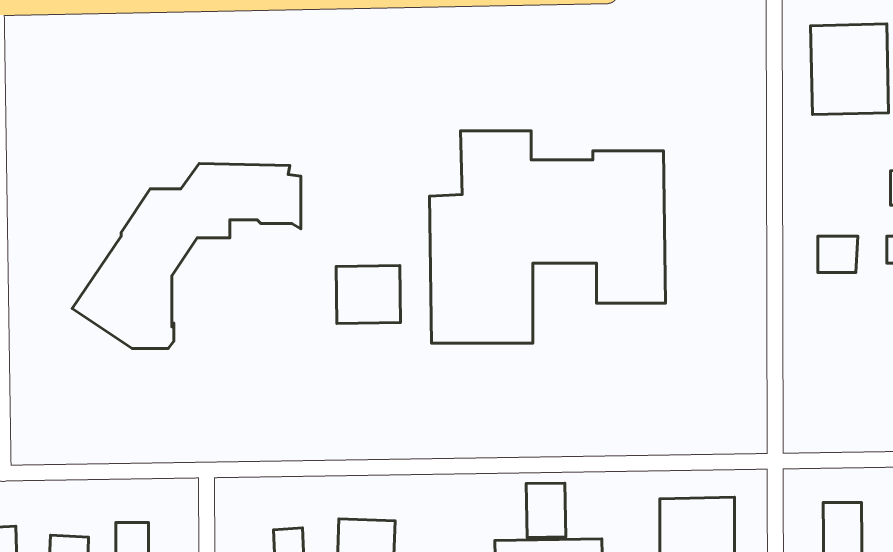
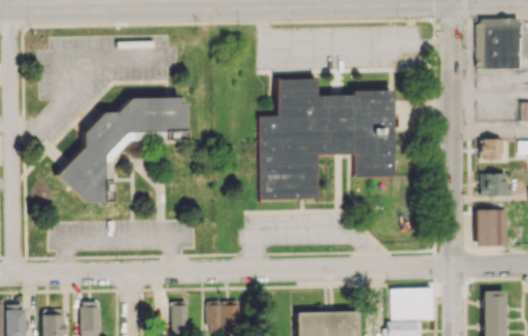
building: [336,266,400,323] -> none
building: none -> [481,173,512,197]
building: none -> [476,209,508,246]
building: [526,483,566,537] -> none

